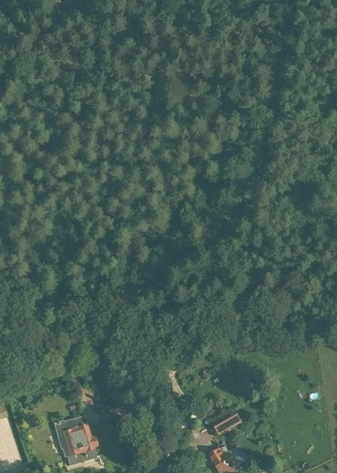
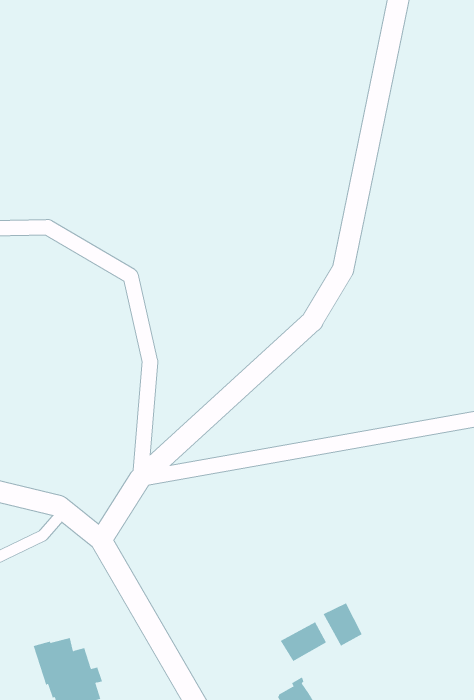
building: none -> [323,602,363,647]

